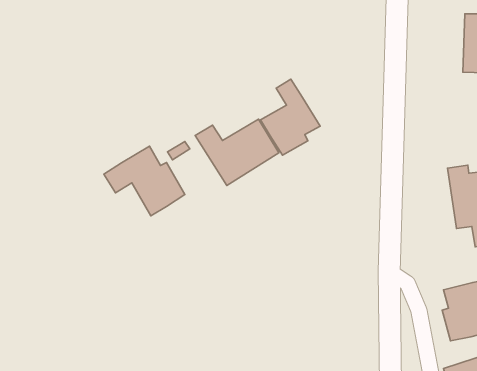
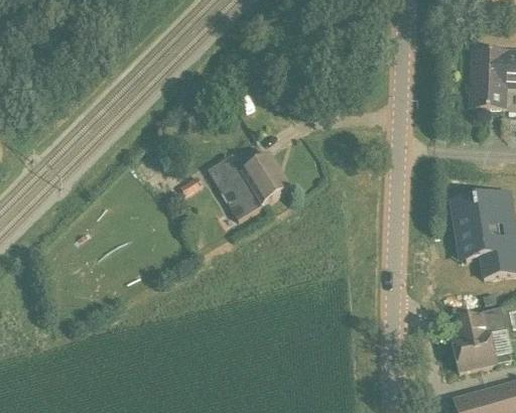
building: [261,79,320,155] -> none
building: [104,146,185,216] -> none

